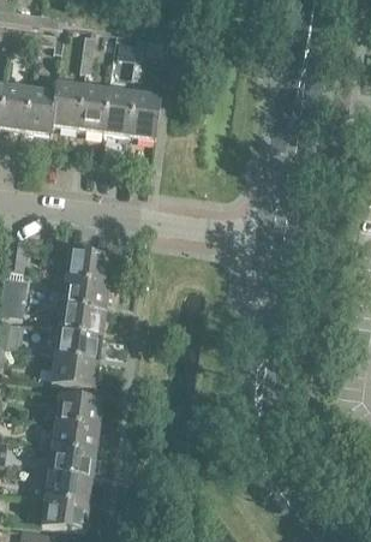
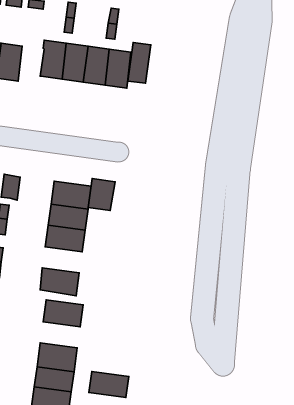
building: none -> [128,43,151,83]
building: [25,87,56,132] -> none
building: none -> [88,179,115,210]
building: [54,328,102,359] -> none
building: [52,418,100,449] -> [89,372,129,397]

